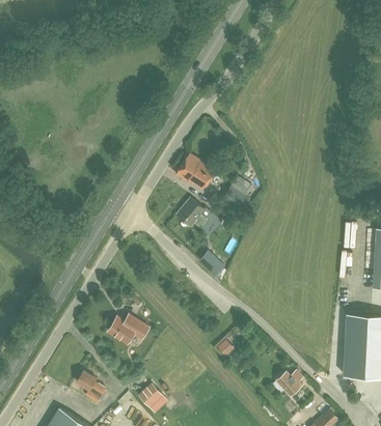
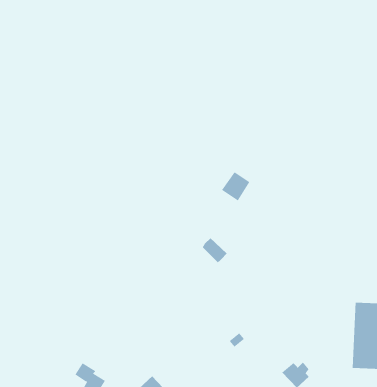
building: [175,154,215,192] -> none
building: [176,199,209,231] -> none
building: [108,315,148,345] -> none

